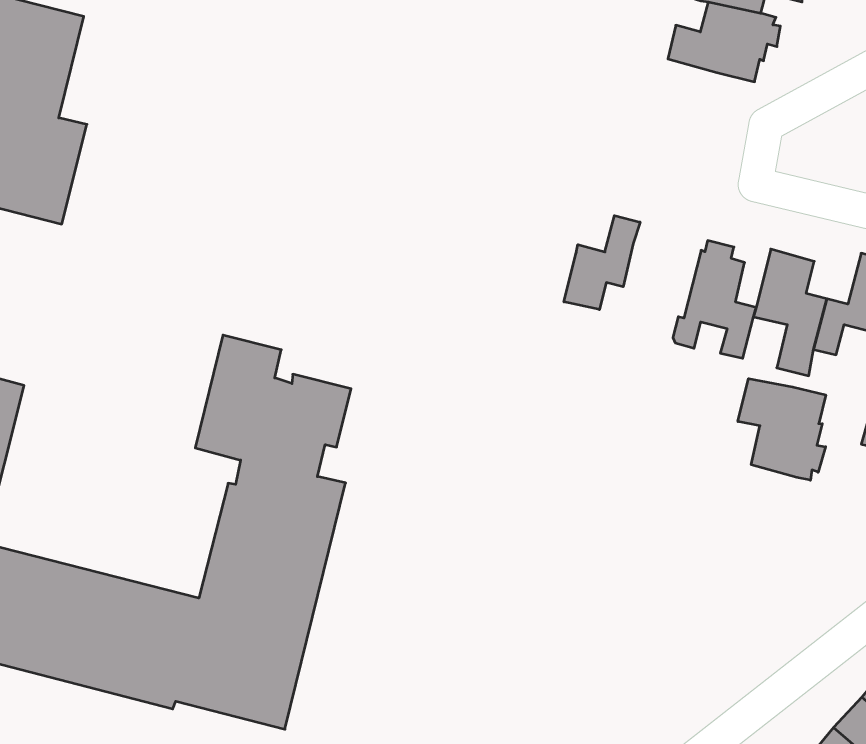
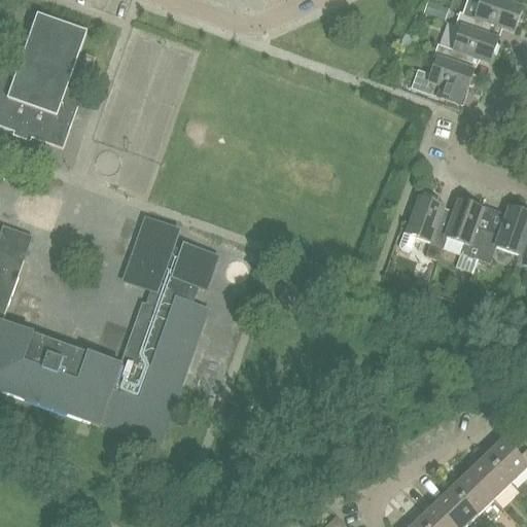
building: [564,216,640,310] -> none
building: [738,379,826,480] -> none

